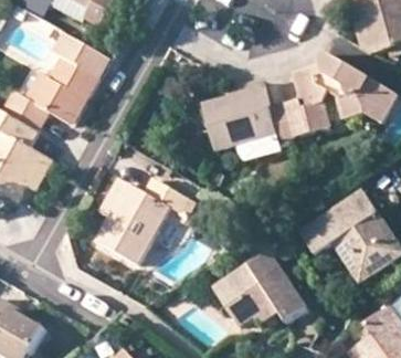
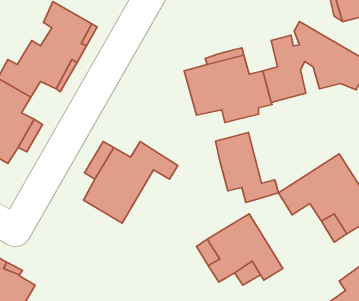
building: none -> [215,133,278,202]

